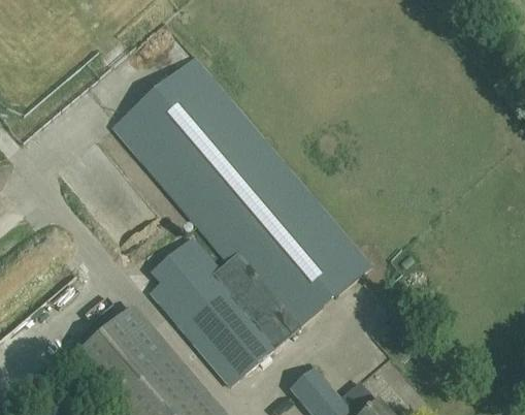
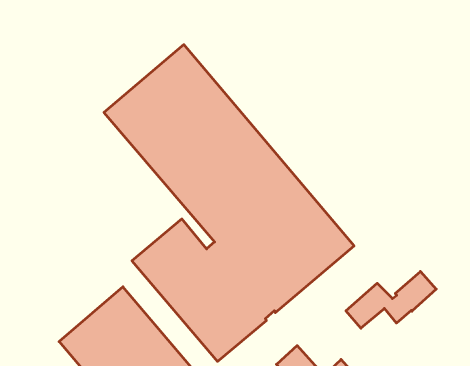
building: none -> [346,271,436,328]

